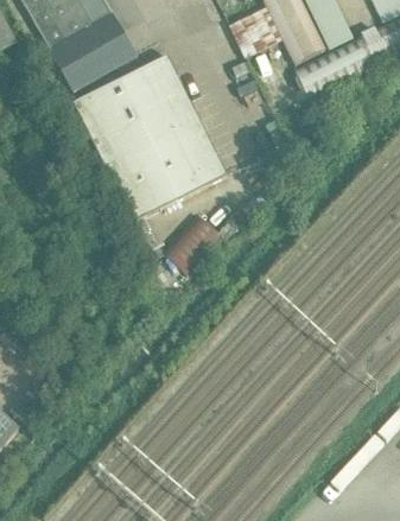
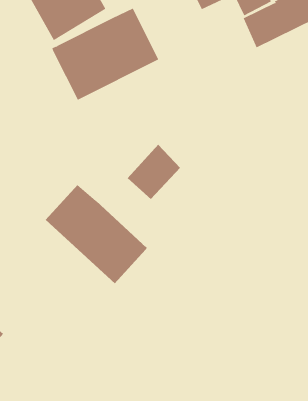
building: [102,113,227,220] -> none
building: none -> [45,184,148,284]

